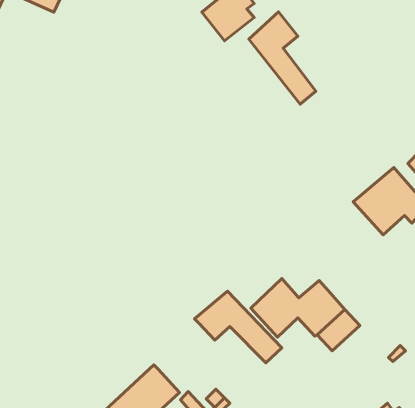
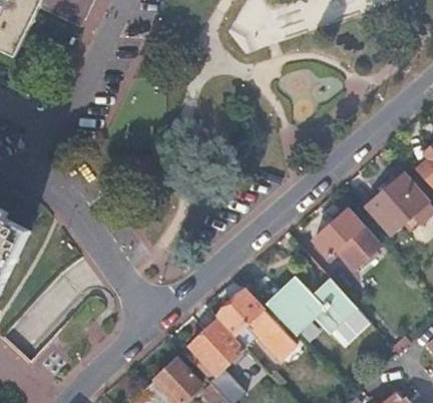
building: [249,12,316,104] -> none
building: none -> [312,207,378,264]
building: none -> [189,320,244,373]

